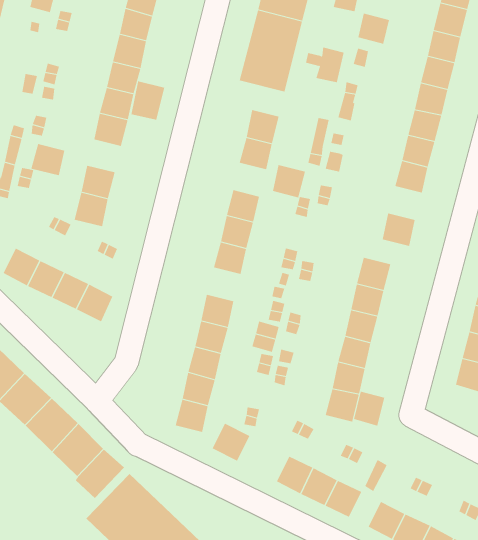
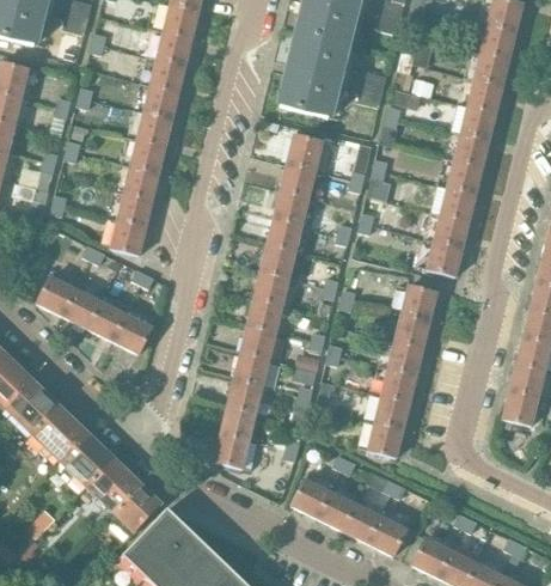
building: [131,81,165,121] -> none
building: [30,143,65,176] -> [123,165,159,199]
building: [272,164,306,198] -> [274,189,308,224]
building: none -> [433,213,469,248]
building: none -> [246,297,282,331]
building: [354,391,385,427] -> none
building: [212,423,250,461] -> [292,477,331,517]

